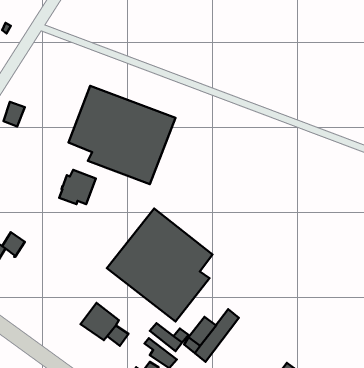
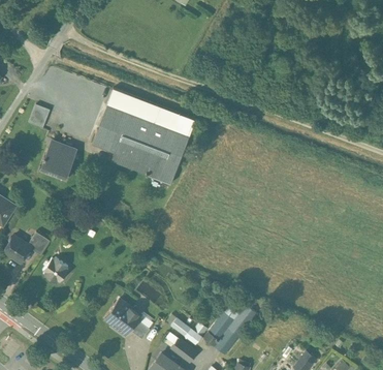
building: [59,170,96,204] -> [41,142,76,175]
building: [107,209,212,322] -> none
building: none -> [42,258,68,284]

